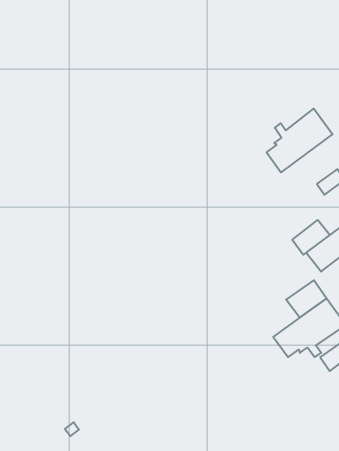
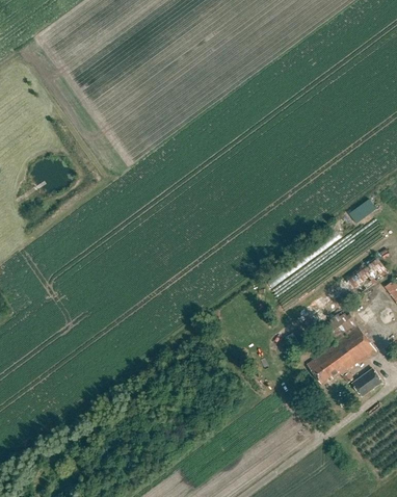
building: [267,109,333,172] -> none
building: [292,220,330,255] -> none

